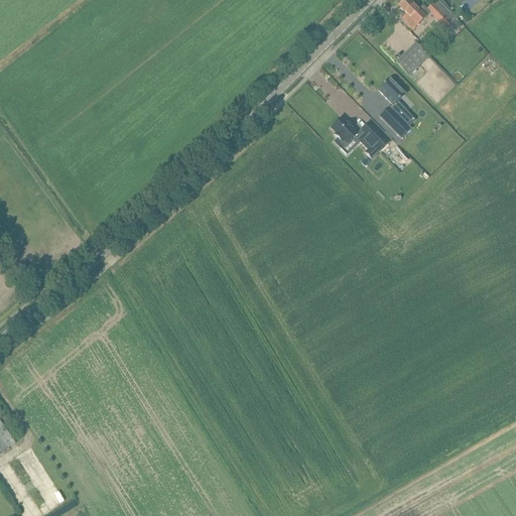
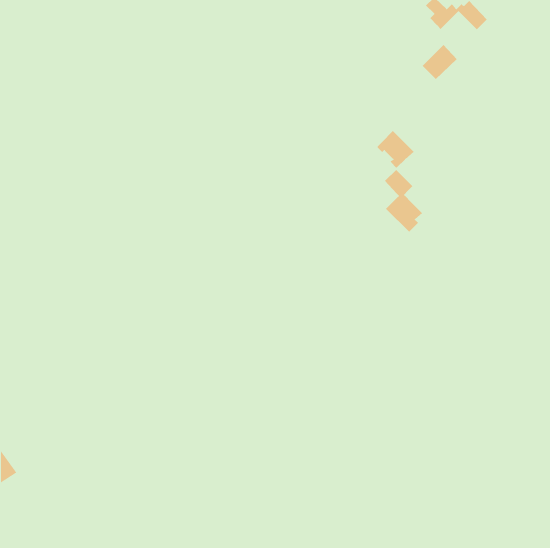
building: [378,78,414,137] -> [384,169,423,233]
building: [331,117,357,147] -> none

